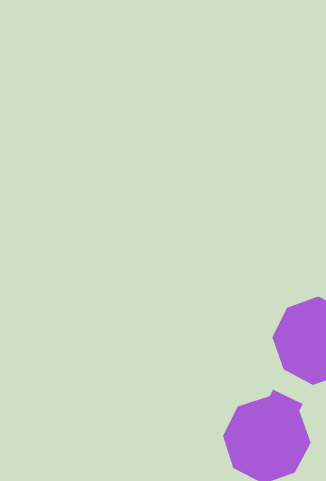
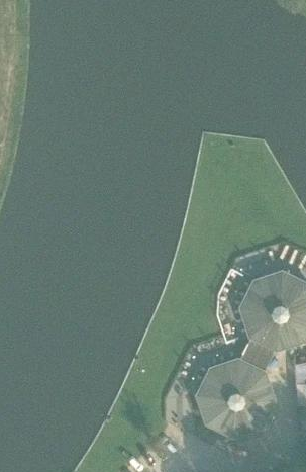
building: none -> [240,336,276,366]

